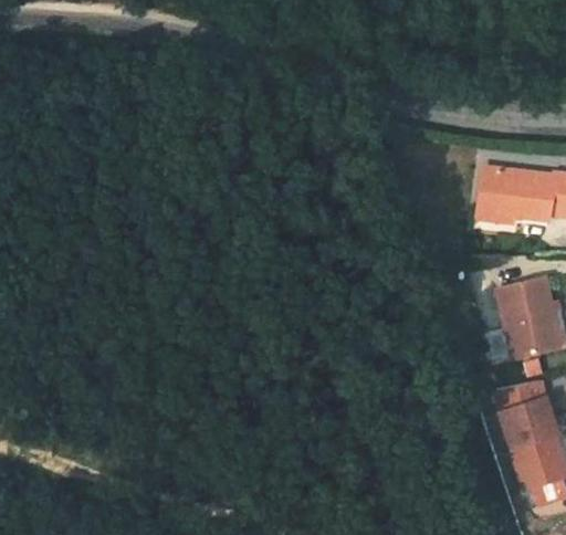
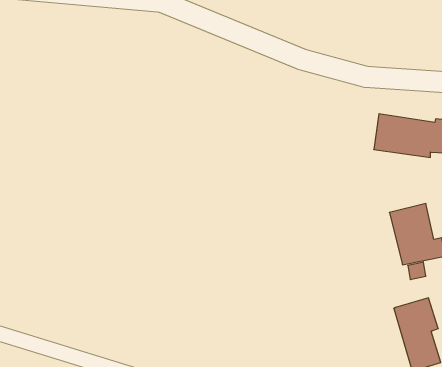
building: [497,381,547,411] -> none

